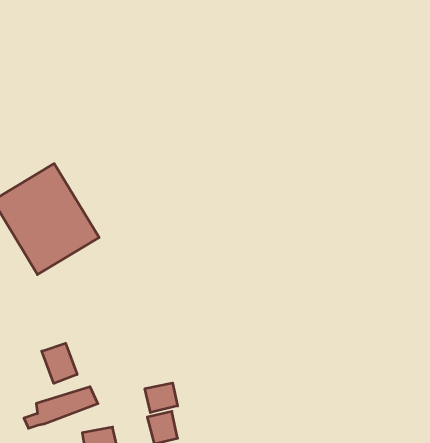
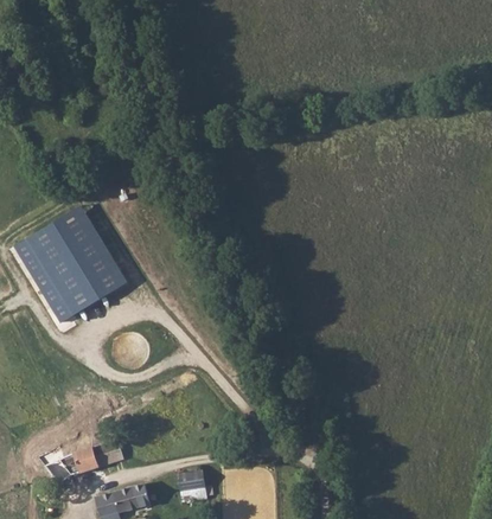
building: [42,343,77,383] -> none
building: [145,383,178,413] -> none

